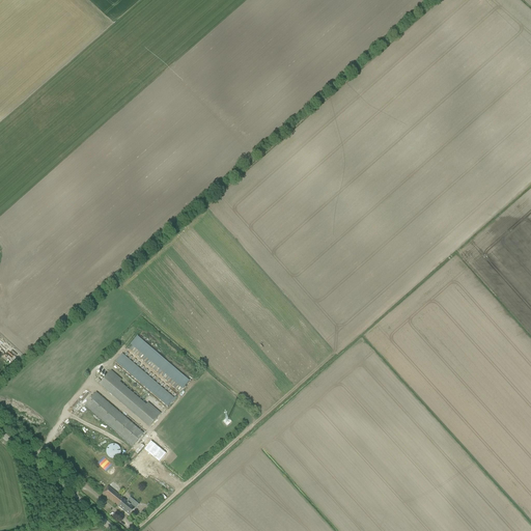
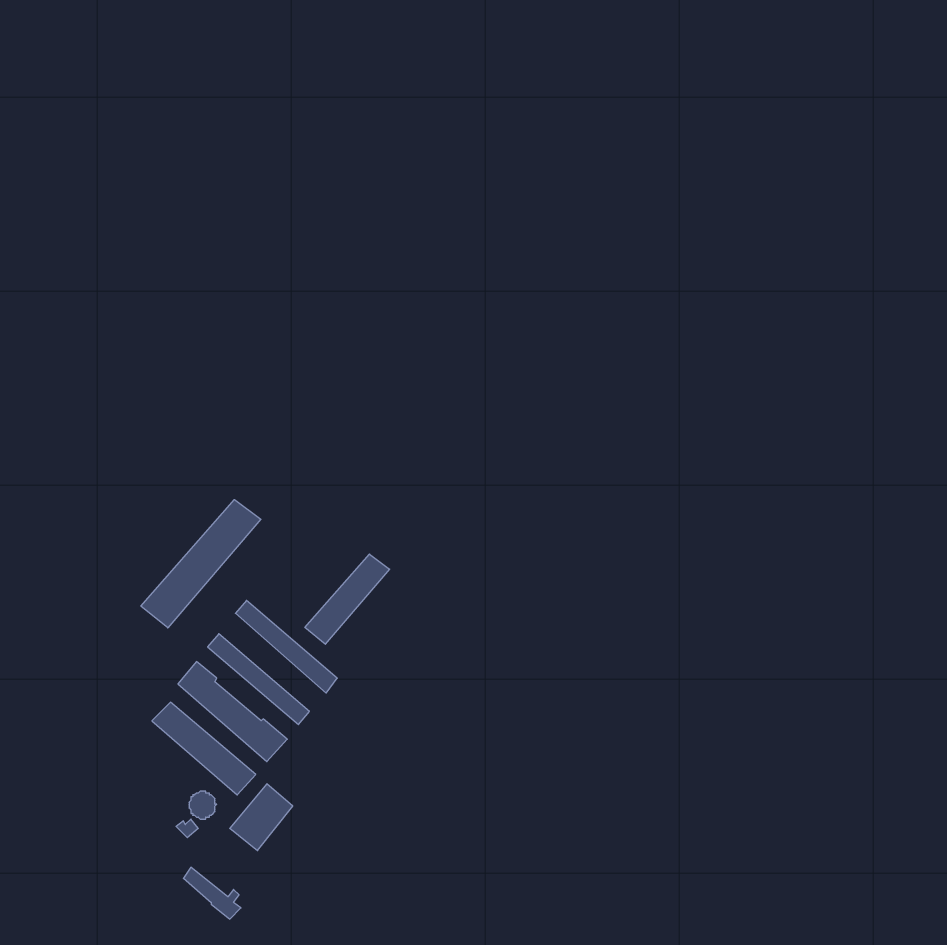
building: none -> [141,500,261,628]
building: none -> [305,554,390,644]

